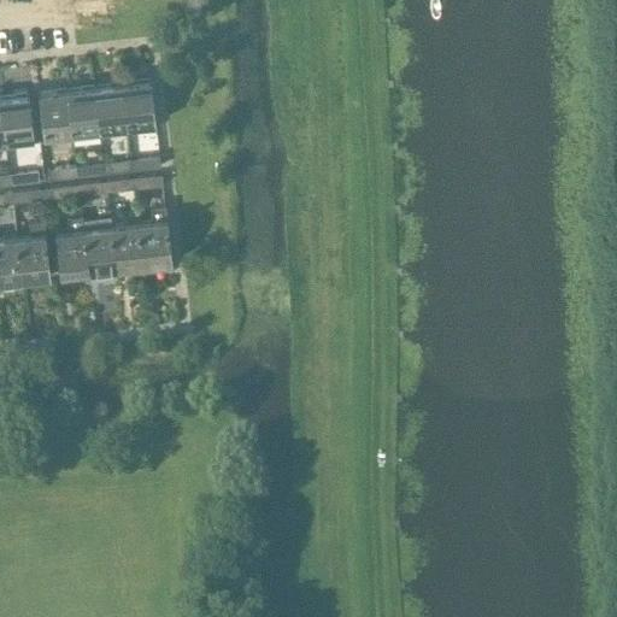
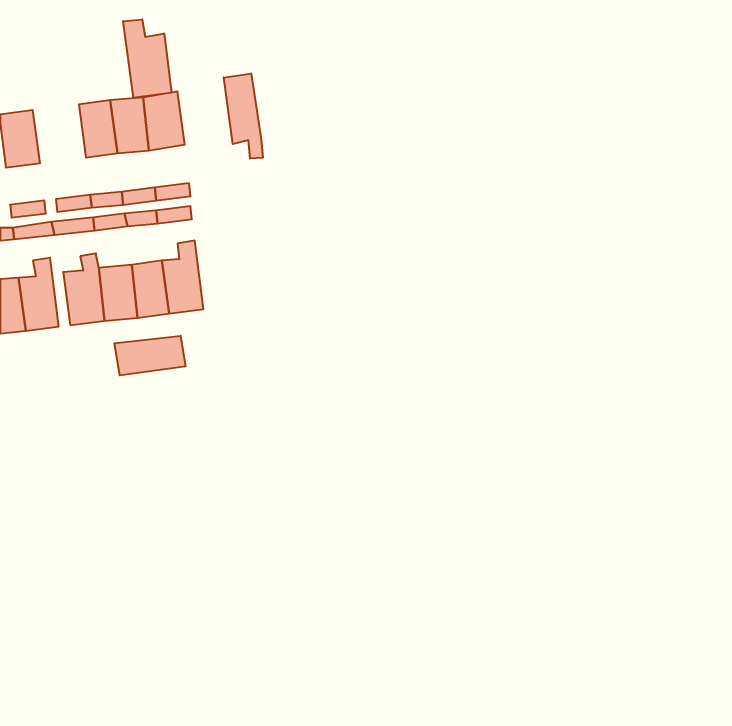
building: none -> [123,19,171,98]
building: none -> [224,73,263,159]
building: [36,93,72,141] -> none
building: none -> [114,336,186,375]

